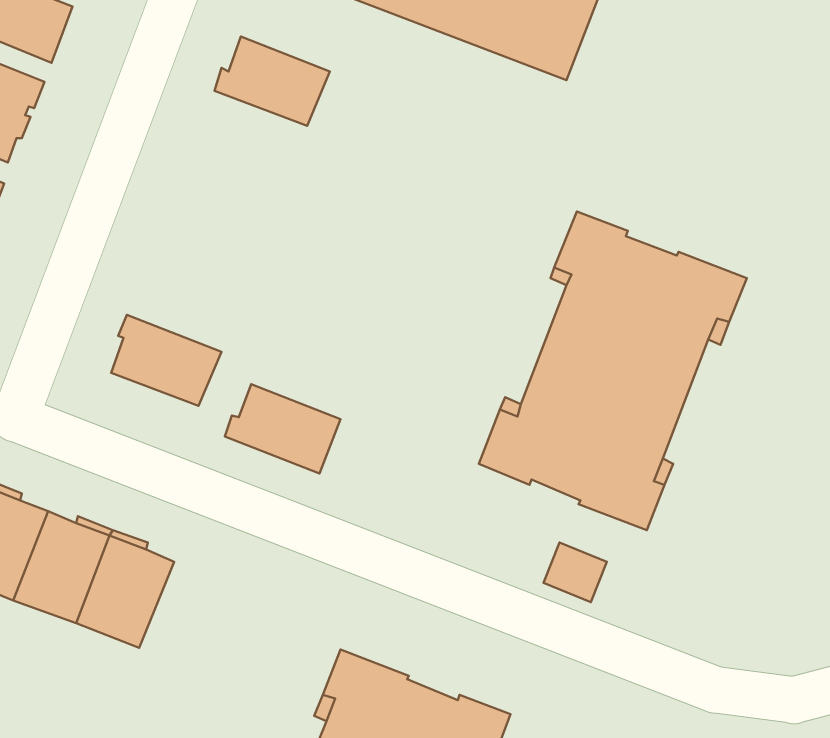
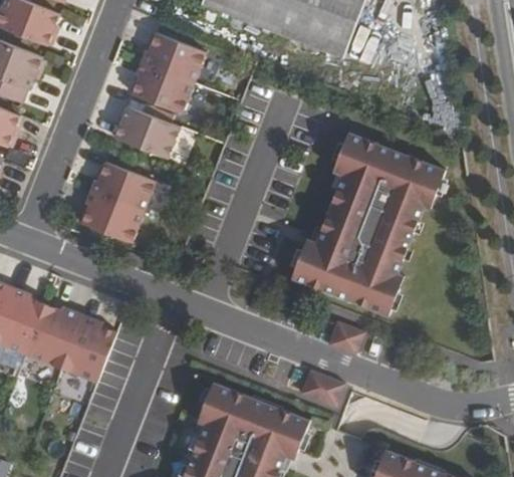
building: none -> [131,62,193,114]
building: none -> [113,105,179,158]
building: [225,384,341,473] -> [89,161,156,212]
building: none -> [300,370,344,407]

